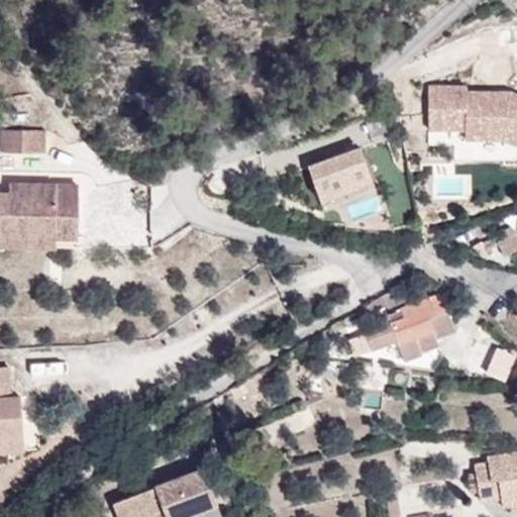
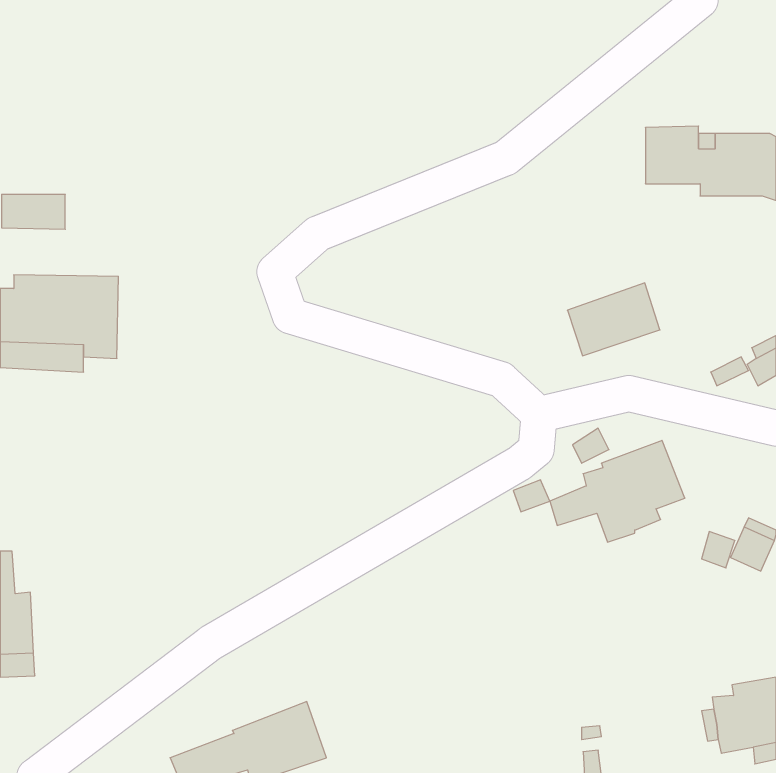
building: [307,149,369,198] -> [567,283,660,356]

